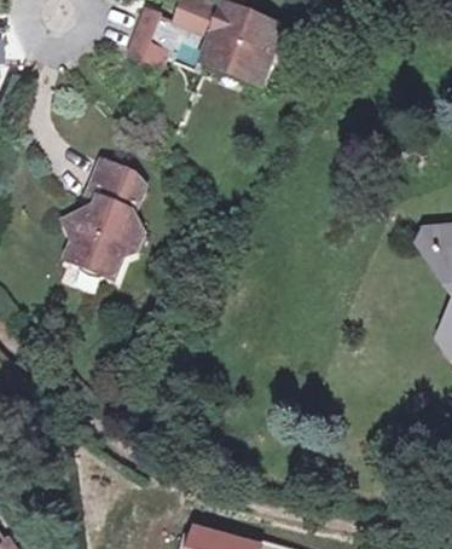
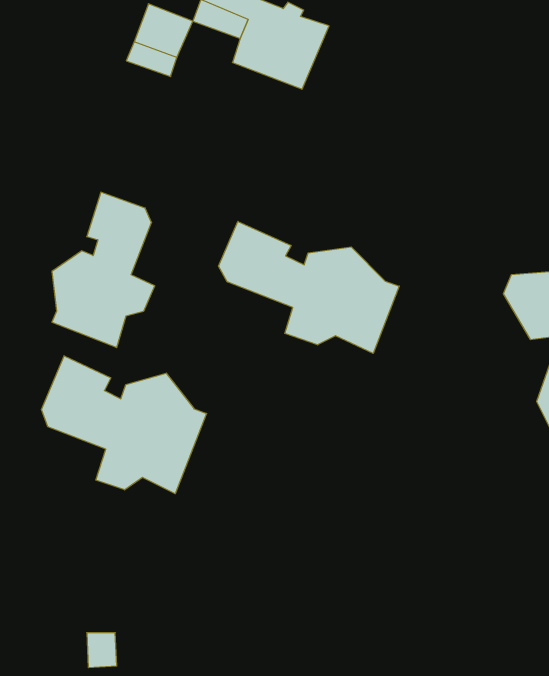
building: none -> [219,221,399,353]
building: none -> [41,356,207,494]

